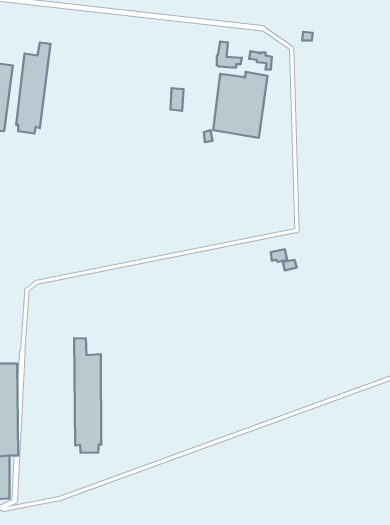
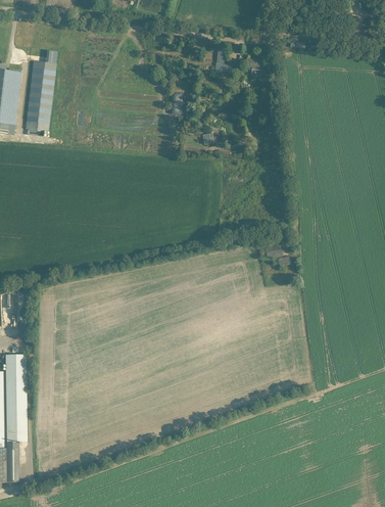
building: [213,72,268,138] -> none
building: [74,338,101,453] -> none

